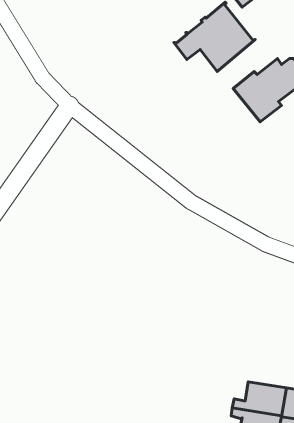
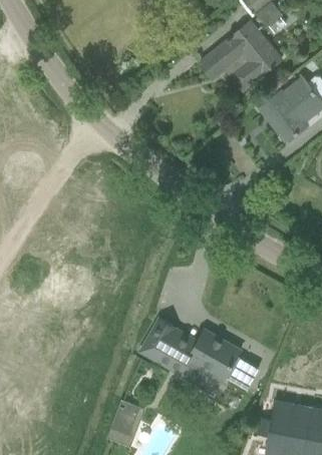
building: none -> [141,318,241,396]
building: none -> [111,400,140,434]

